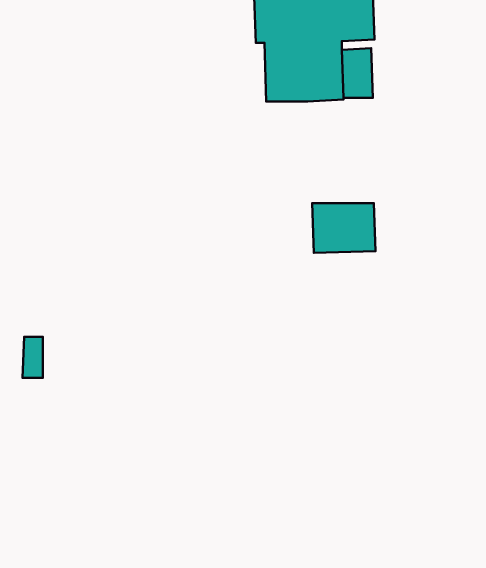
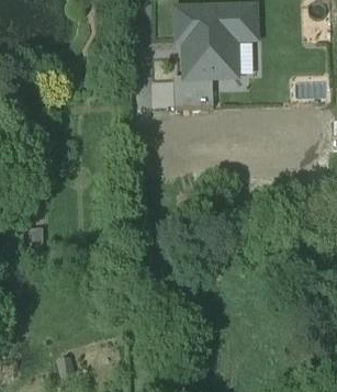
building: [312,203,376,253] -> [171,72,212,104]

